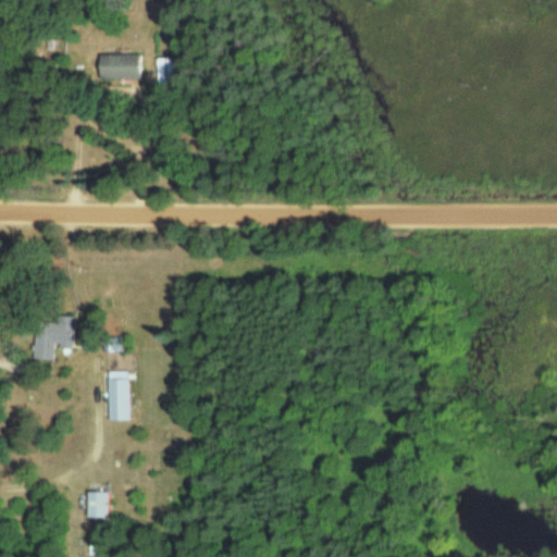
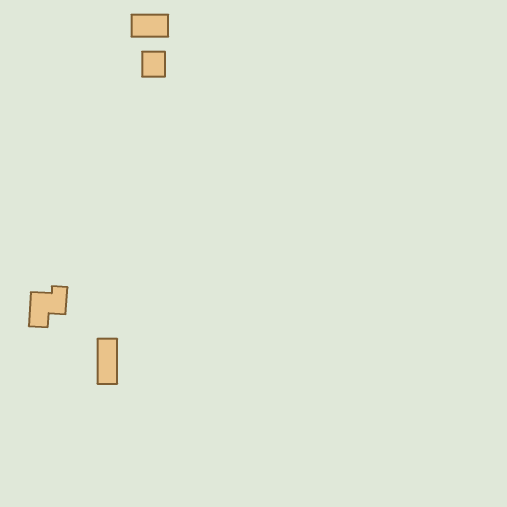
building: [106,55,146,79] -> [131,15,168,37]
building: [86,492,107,517] -> none

